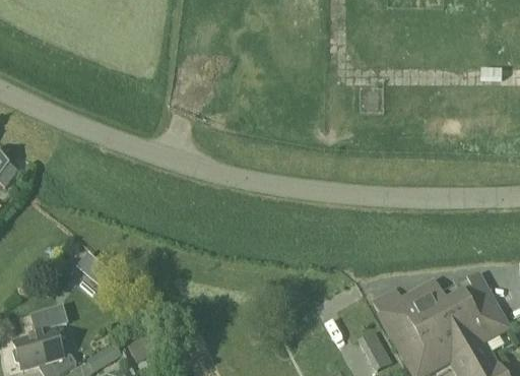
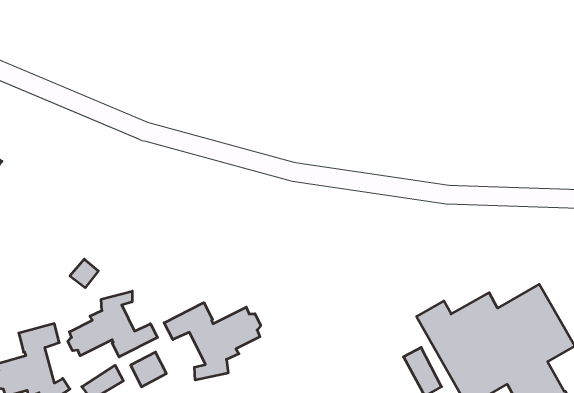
building: none -> [68,291,158,357]
building: none -> [164,303,261,380]

